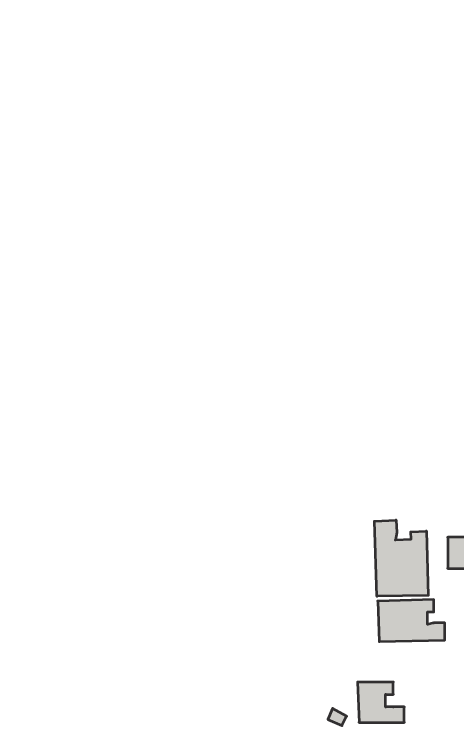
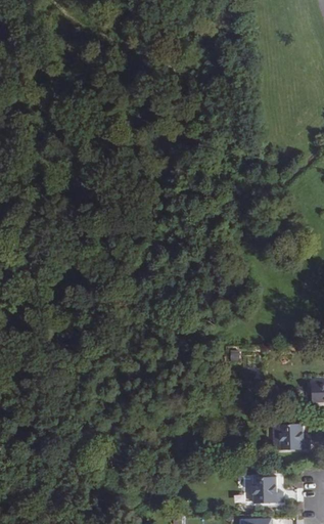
building: [374,520,428,596] -> none

